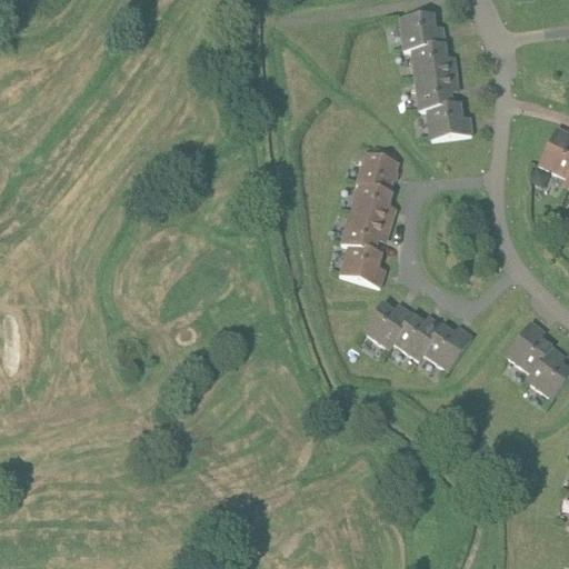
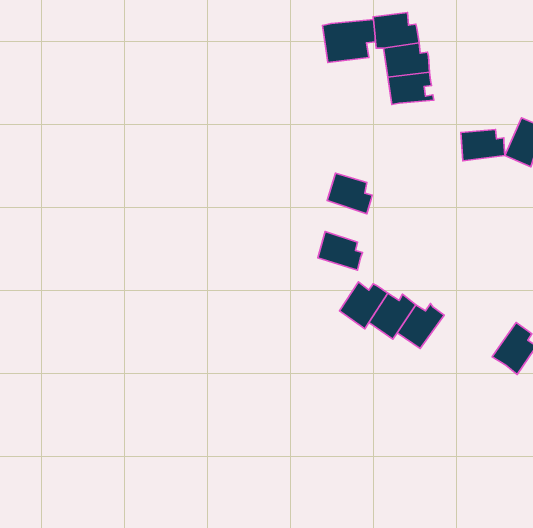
building: none -> [323,19,375,62]
building: [426,107,472,140] -> [461,129,505,161]
building: [355,150,400,194] -> none
building: [340,213,391,258] -> none
building: [505,319,550,373] -> none

